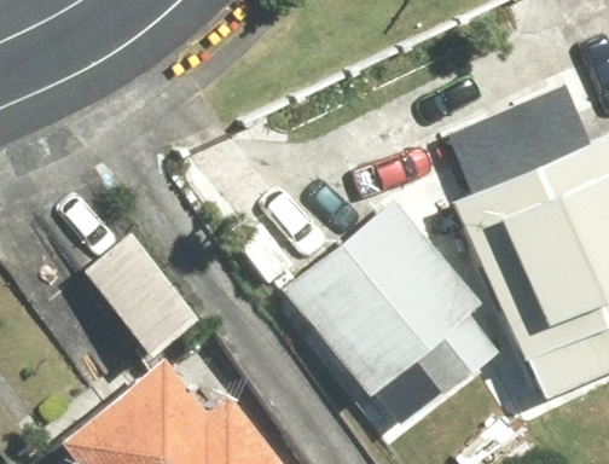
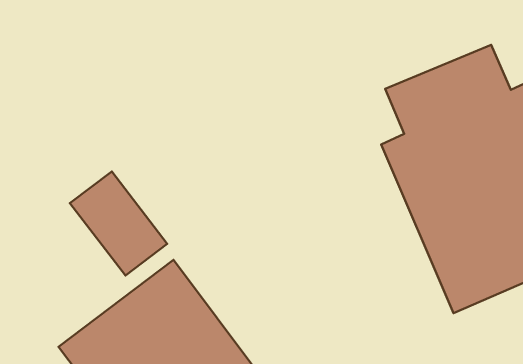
building: [294,214,481,405] -> none

